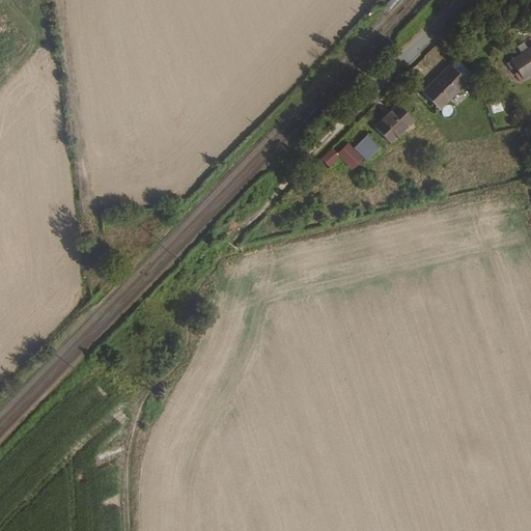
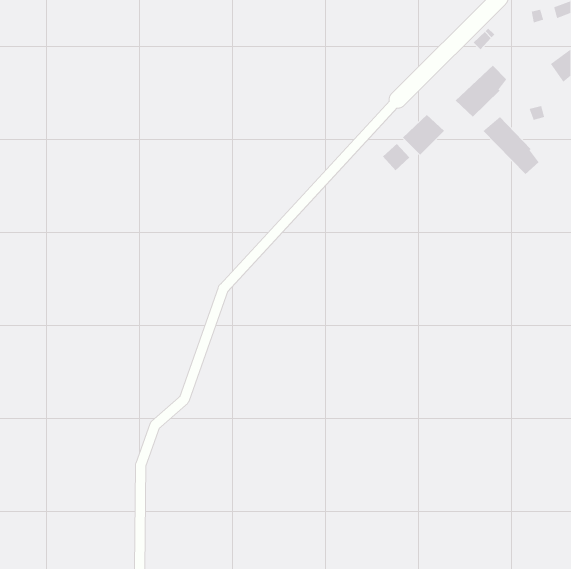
building: none -> [483,116,539,175]
building: [320,140,365,168] -> none

